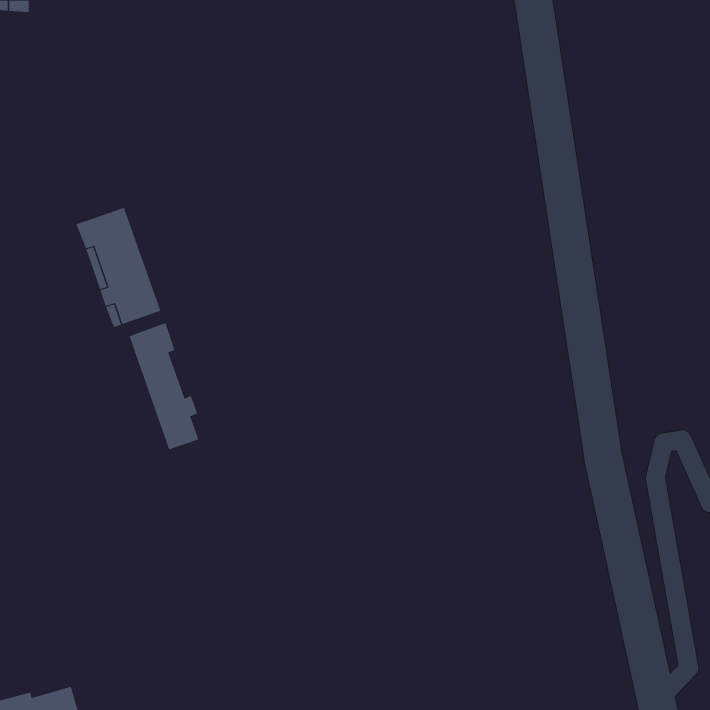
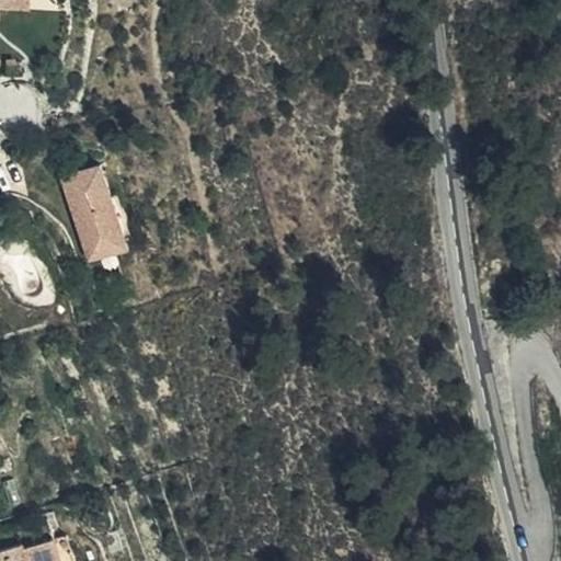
building: [129,322,199,450] -> none

